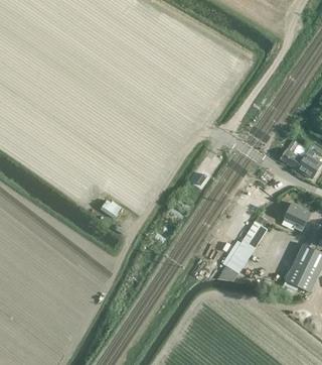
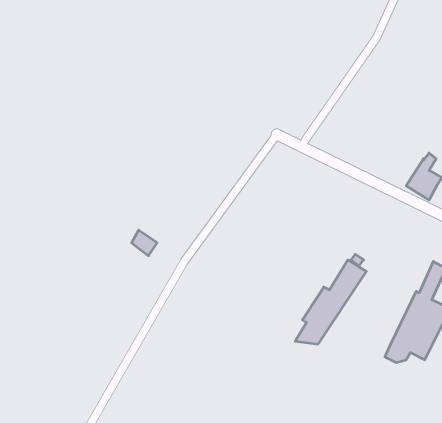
building: [281,138,308,168] -> none
building: [282,202,310,230] -> none

